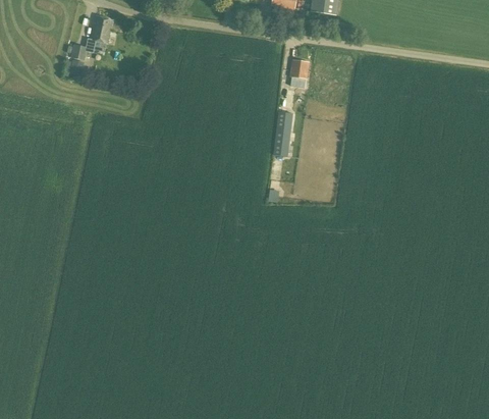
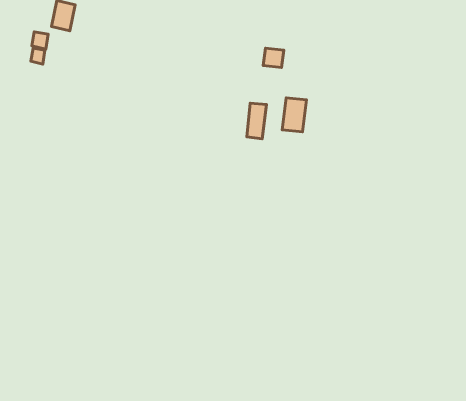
building: none -> [282,98,306,132]

